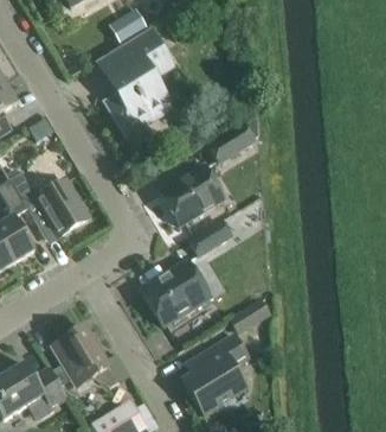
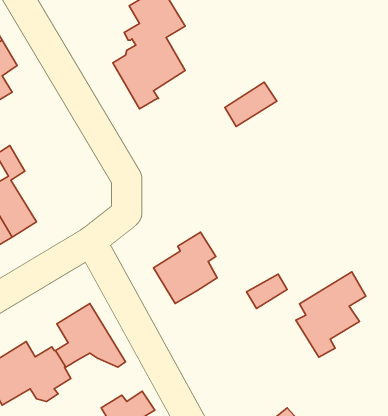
building: [160,165,225,227] -> none
building: [21,182,86,235] -> none
building: [188,221,232,256] -> none
building: [182,335,247,414] -> [296,272,366,357]

